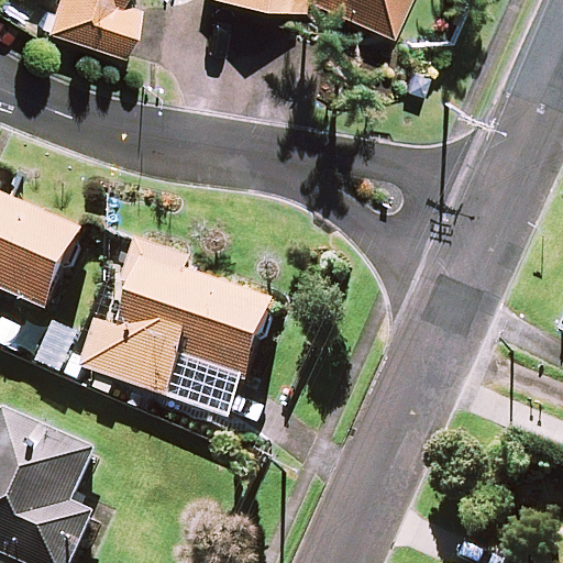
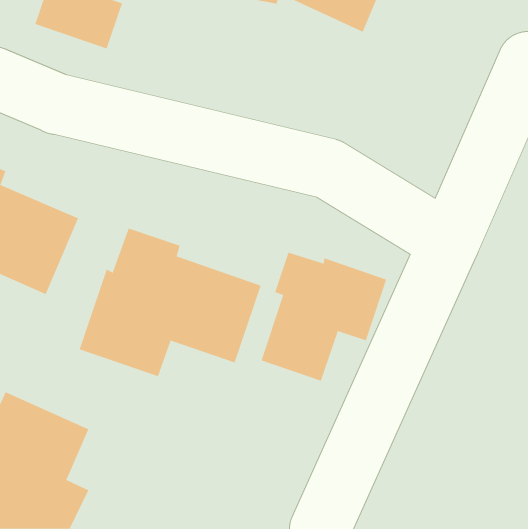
building: none -> [261,252,387,382]

